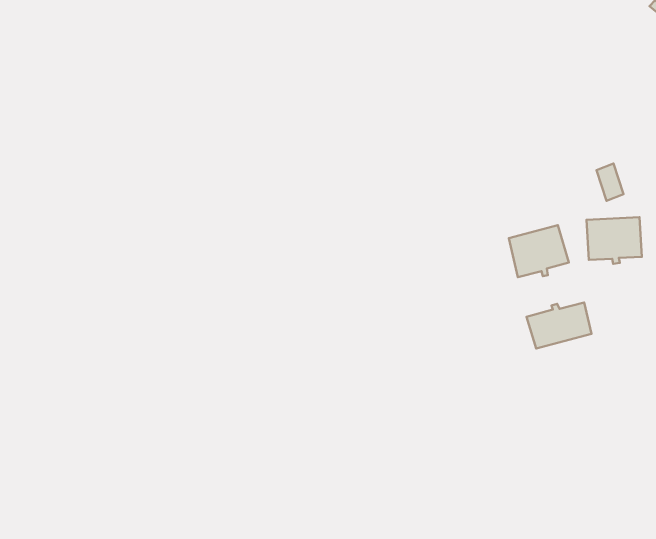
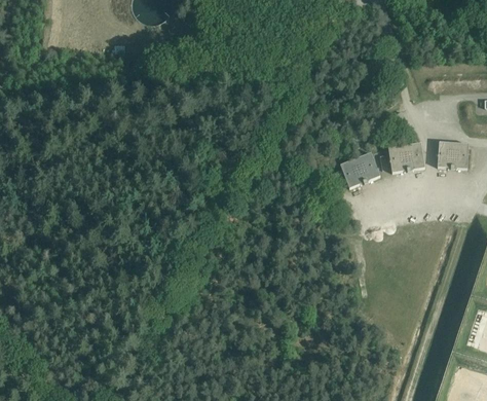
building: [526,302,591,348] -> none

